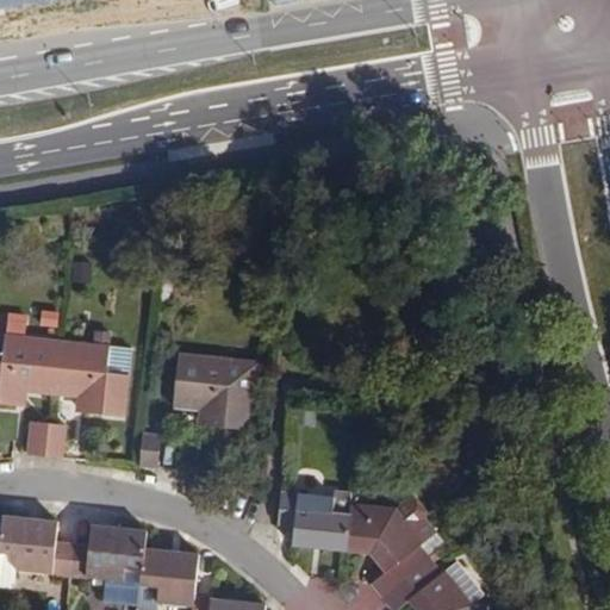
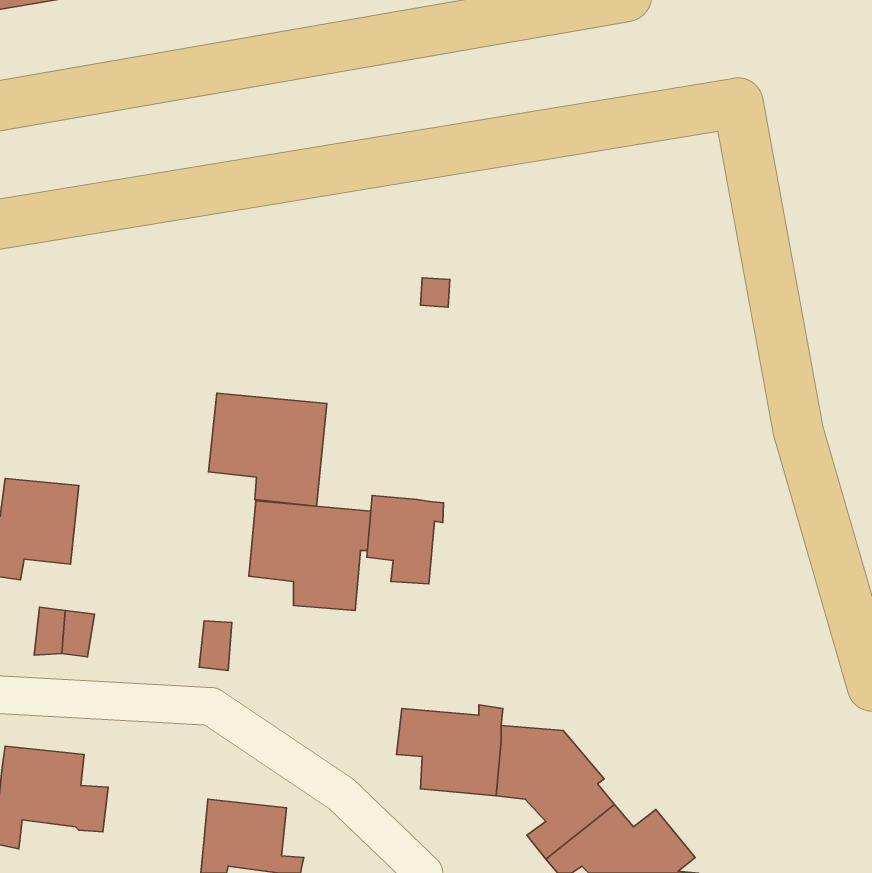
building: [49,337,131,416] -> [208,393,327,506]
building: none -> [367,495,444,584]
building: [71,528,147,583] -> none

